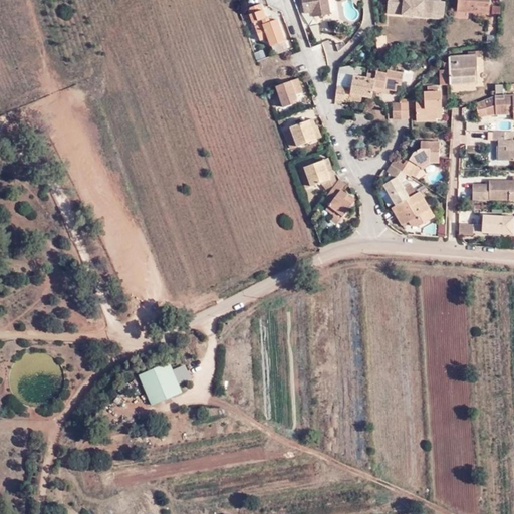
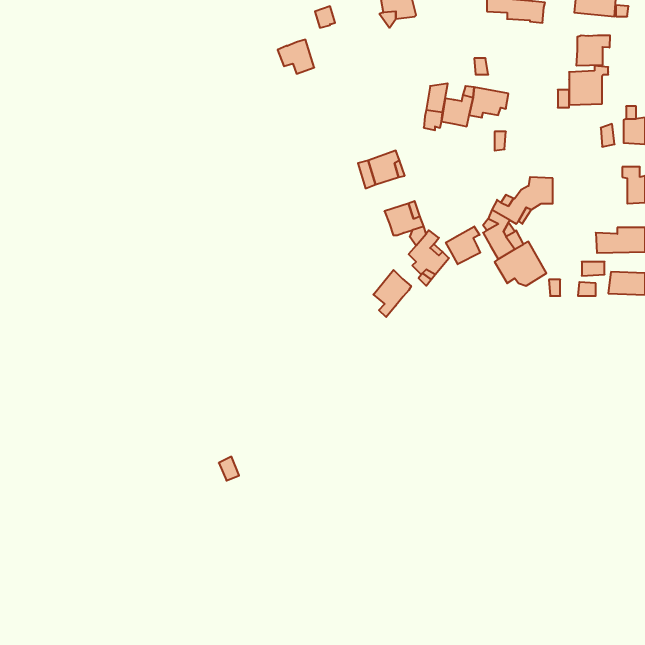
building: [256,19,285,46] -> [278,40,314,74]
building: none -> [577,35,610,66]
building: [276,79,303,109] -> none
building: [417,92,443,121] -> none
building: none -> [446,226,480,264]
building: none -> [373,270,411,317]
building: [140,362,181,403] -> none

